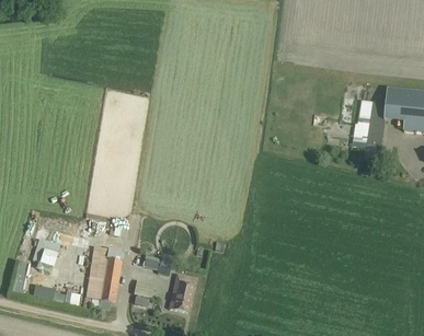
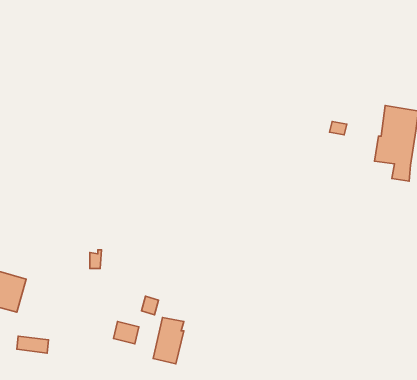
building: [83,247,119,303] -> none

